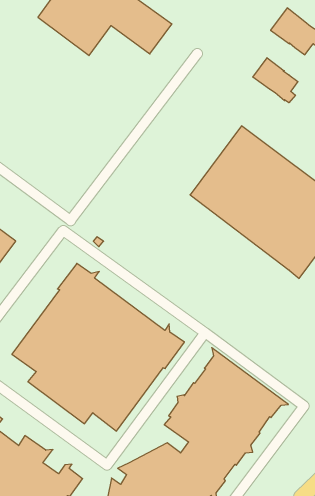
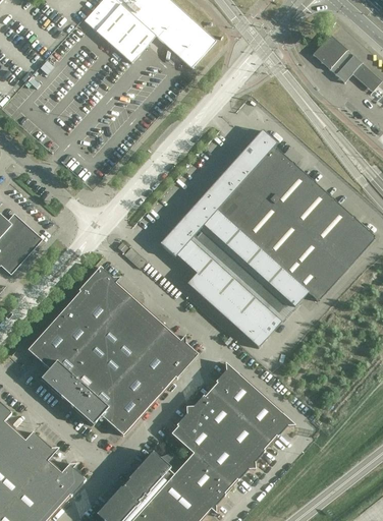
building: [253,58,298,103] -> none
building: none -> [160,129,309,348]

